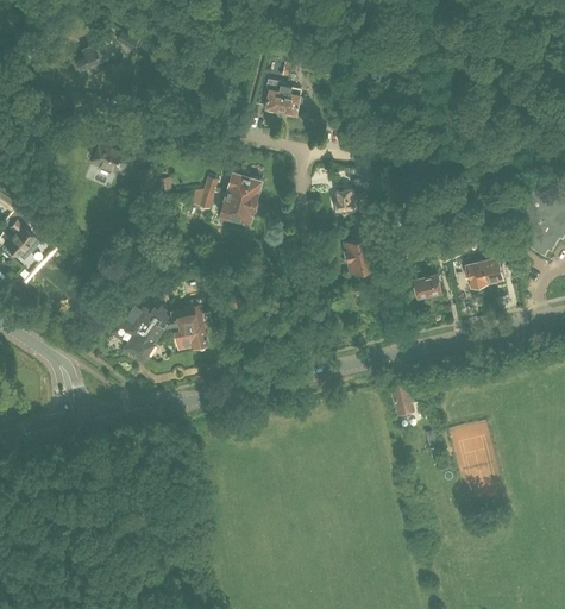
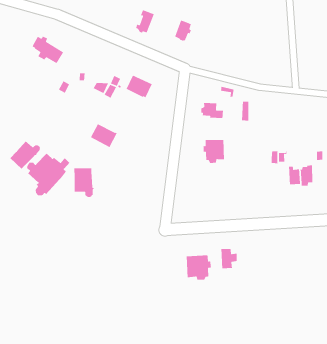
building: [262,80,285,113] -> [135,9,155,34]
building: [219,194,256,225] -> [90,123,118,148]
building: [412,271,441,297] -> none
building: none -> [10,140,41,170]
building: none -> [186,255,212,281]

